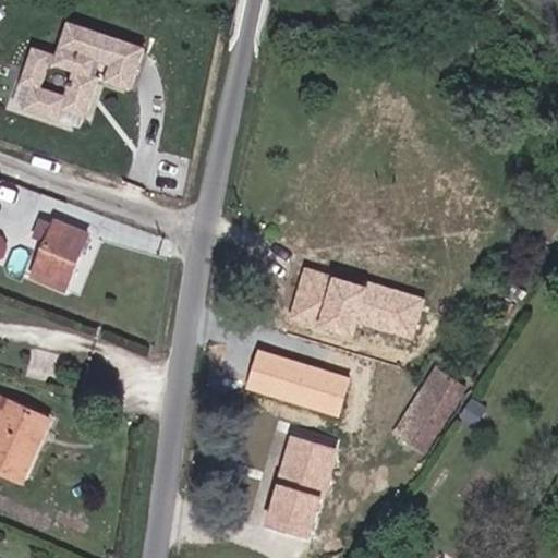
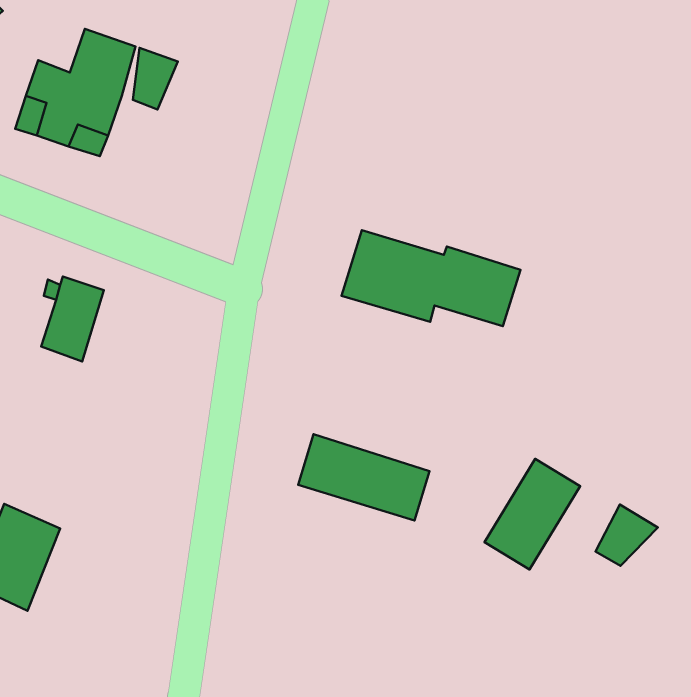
building: [278,264,421,340] -> [341,230,521,326]
building: none -> [596,504,658,566]
building: [268,433,344,535] -> none

